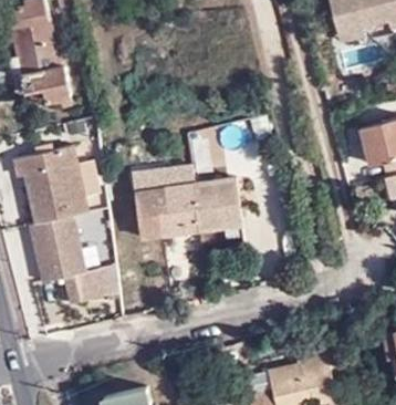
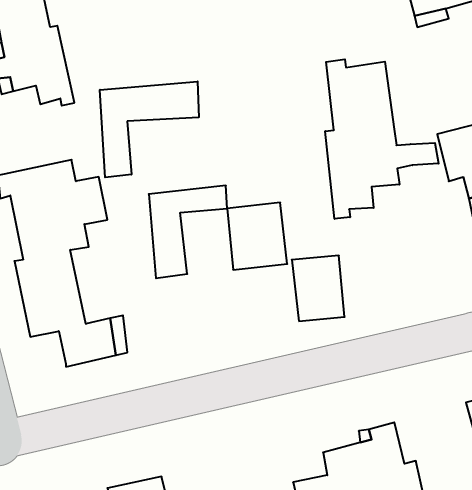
building: none -> [325,59,439,219]
building: none -> [100,81,199,177]
building: [157,183,198,233] -> [292,256,345,321]

